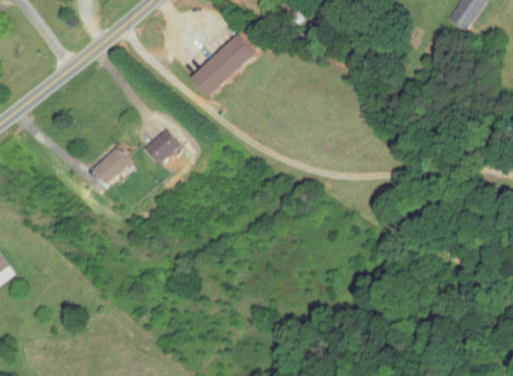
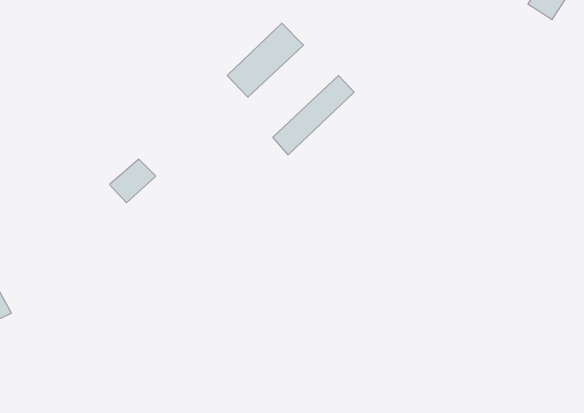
building: none -> [273,76,354,155]
building: [143,129,179,164] -> none

